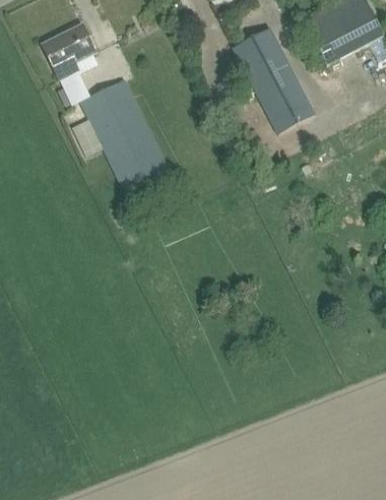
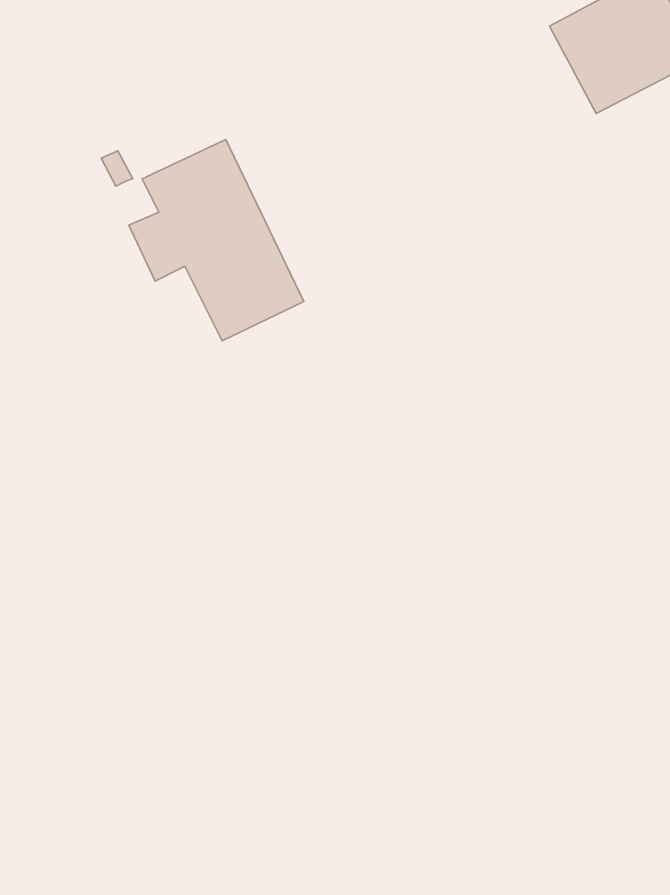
building: [43,23,98,78] -> none
building: [236,29,314,132] -> none

